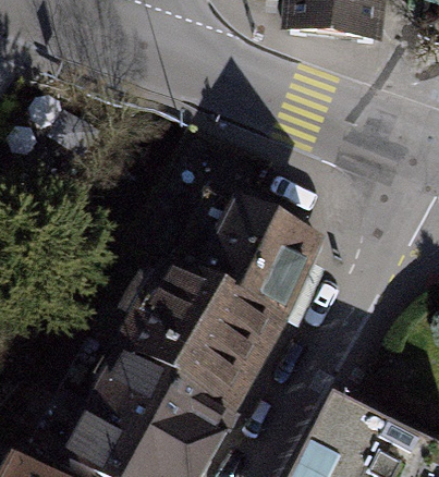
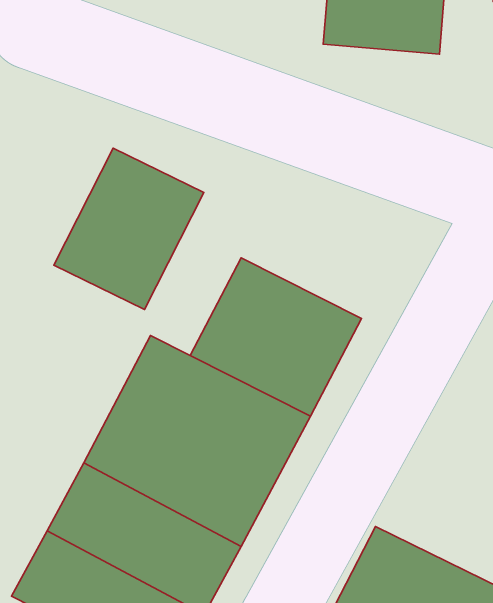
building: none -> [54,148,204,310]

